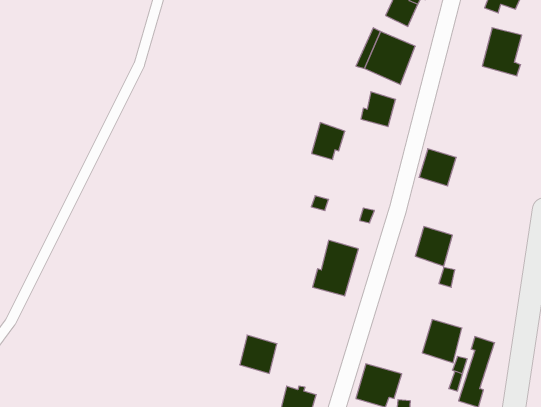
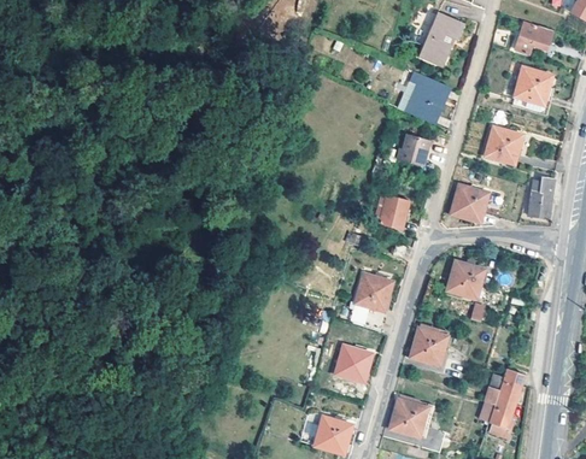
building: none -> [485,126,522,164]
building: [312,123,345,160] -> [379,193,411,229]
building: none -> [527,176,553,218]
building: [422,320,462,363] -> [410,324,449,366]
building: [240,335,277,373] -> [335,345,371,382]

